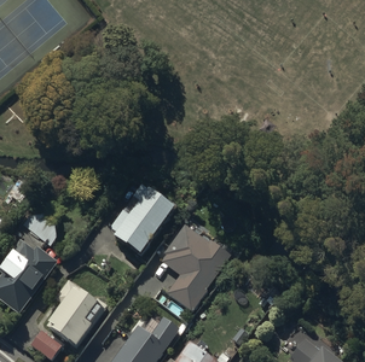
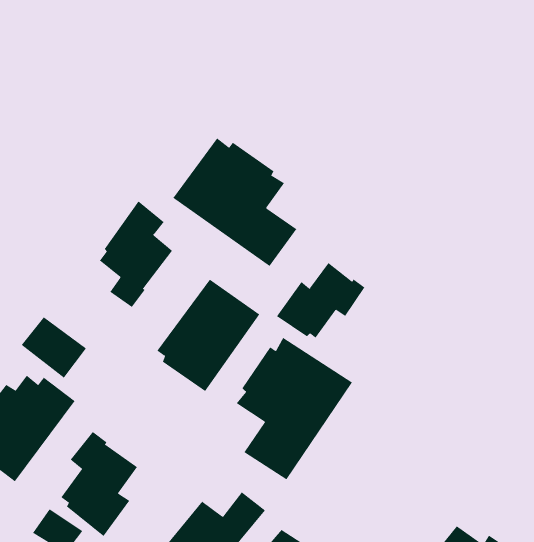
building: none -> [172,137,297,267]
building: none -> [99,201,173,308]
building: none -> [276,262,365,339]

